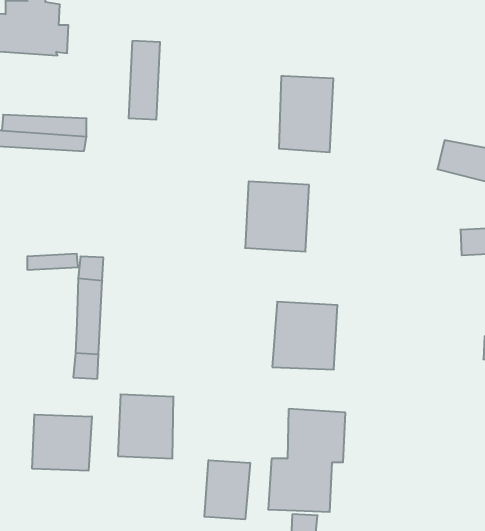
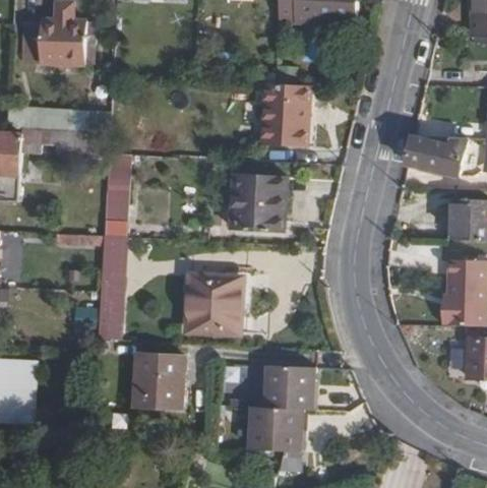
building: [129,41,160,120] -> [103,154,129,220]
building: [272,302,338,369] -> [193,277,248,333]
building: [32,414,92,471] -> none
building: [204,460,250,519] -> none

